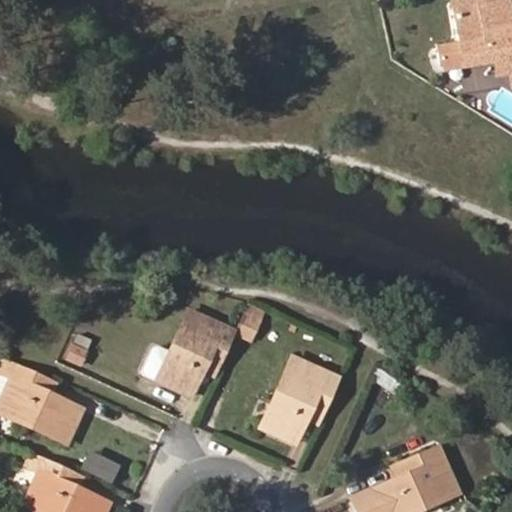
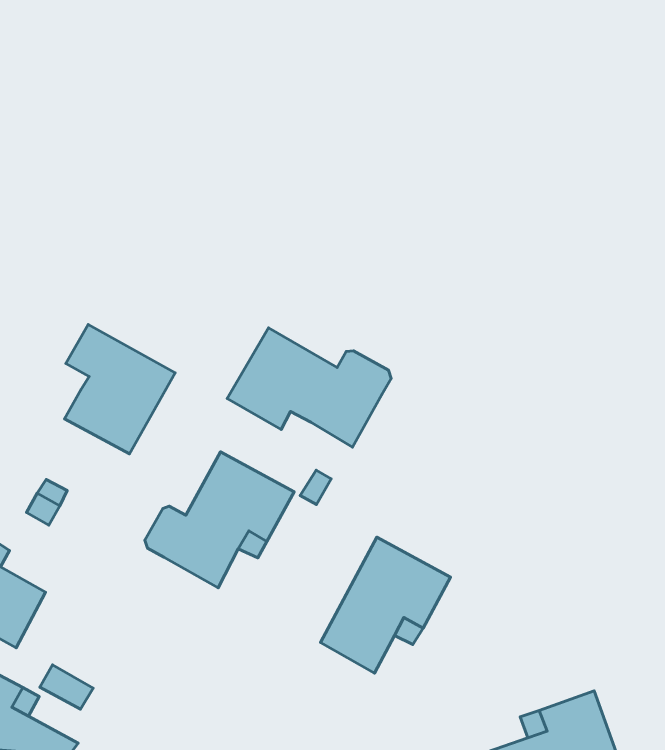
building: none -> [227,328,391,447]
building: none -> [65,324,175,454]

